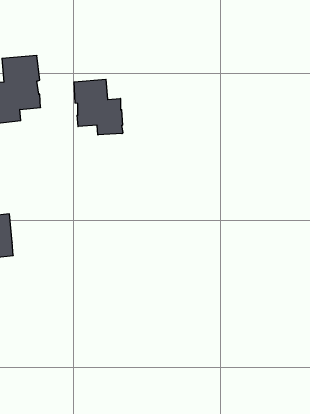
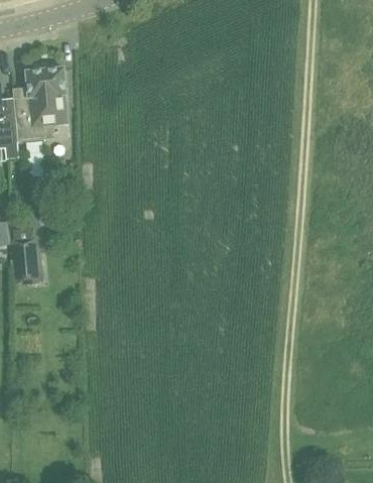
building: [74,79,123,135] -> none

